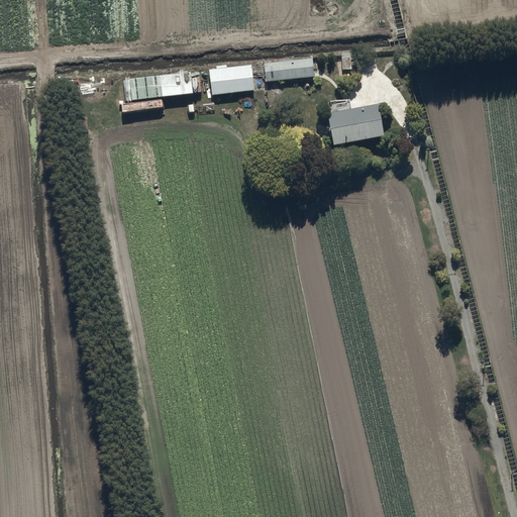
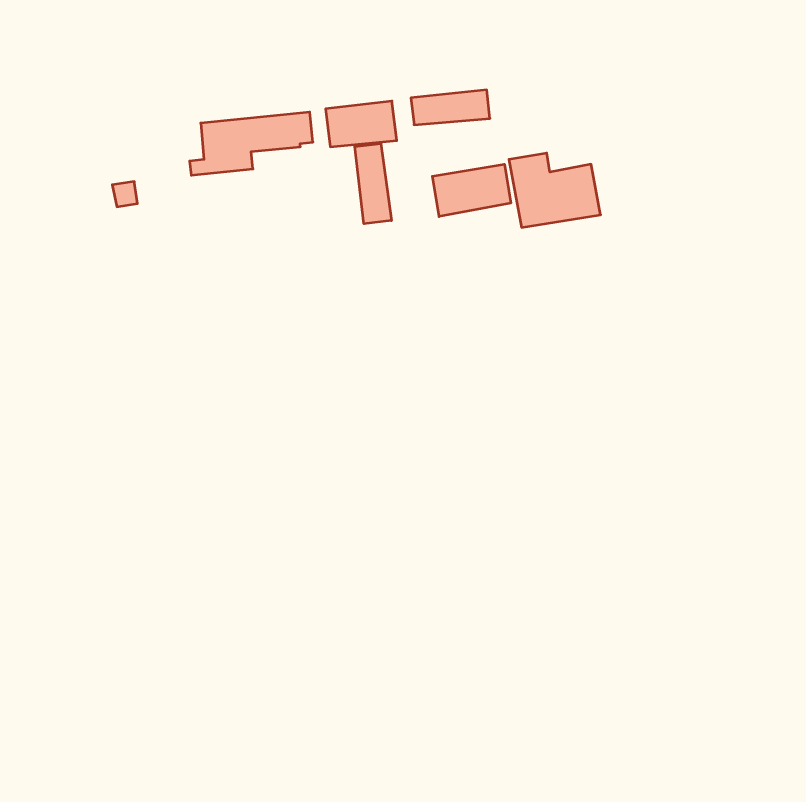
building: none -> [355,144,391,224]
building: none -> [432,164,511,217]

